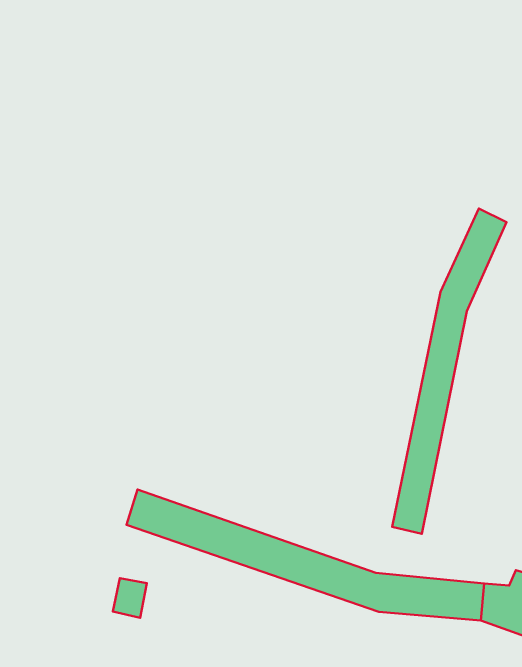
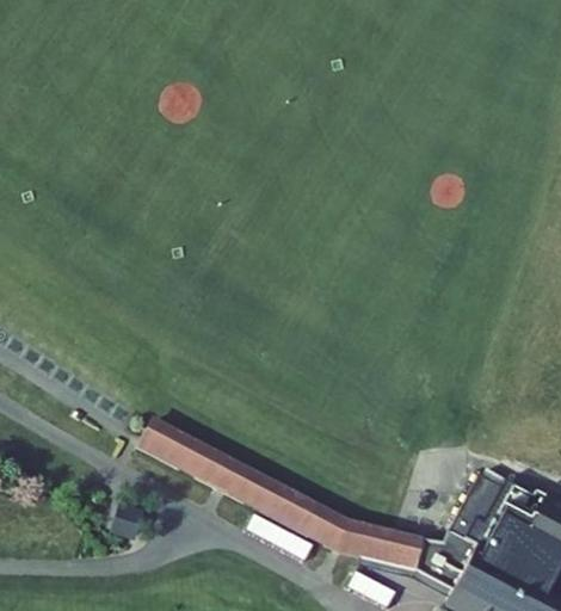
building: [392,209,506,534] -> none

